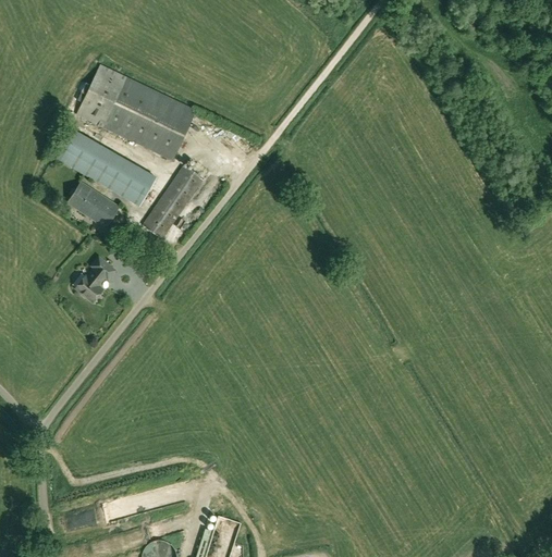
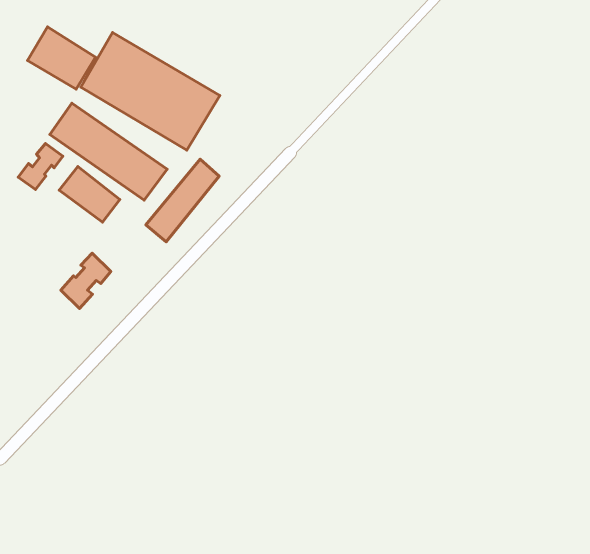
building: none -> [27,27,95,89]
building: none -> [18,144,63,189]

